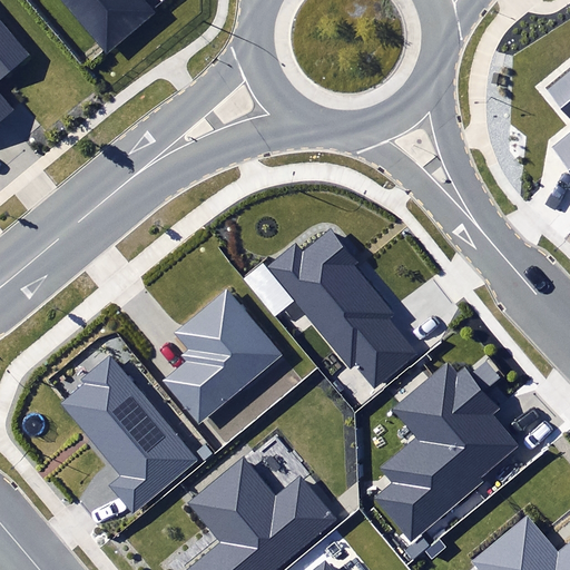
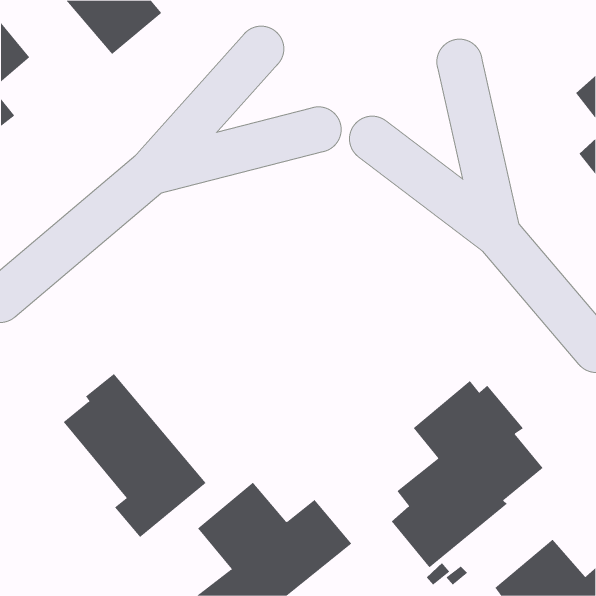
building: [266,228,416,386] -> none
building: [165,291,282,423] -> none

